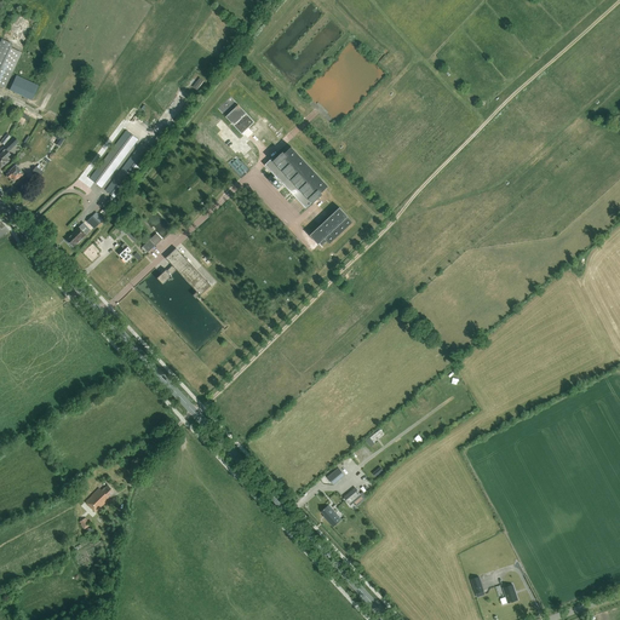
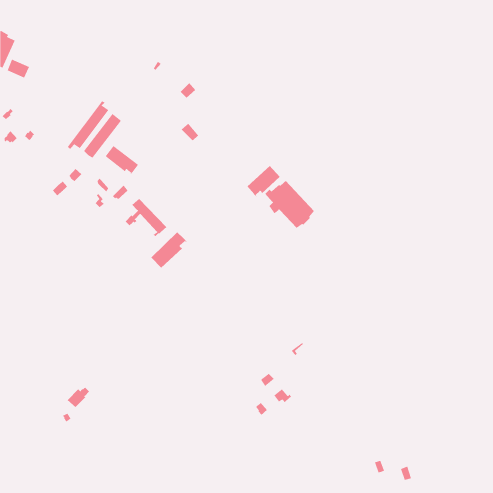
building: [264,147,327,207] -> [265,180,315,229]
building: none -> [105,145,139,175]
building: none -> [150,231,187,269]

